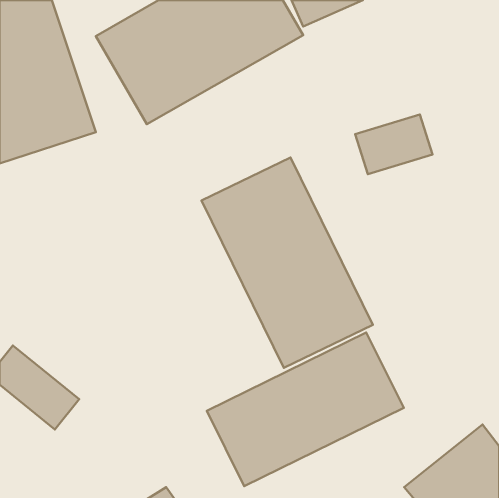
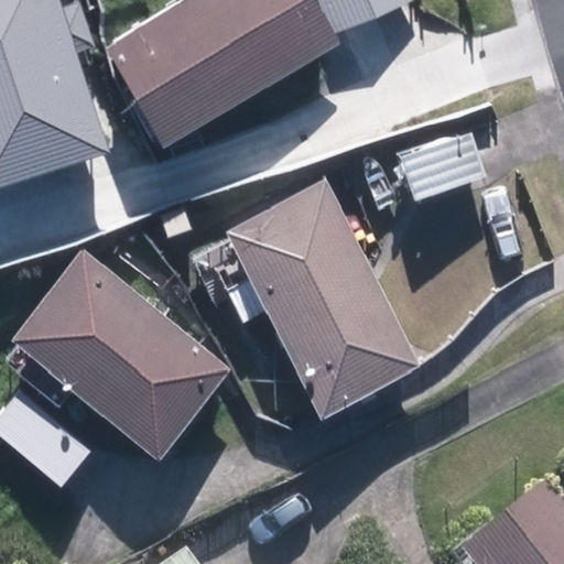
building: none -> [8,247,235,460]
building: [207,333,404,486] -> none

